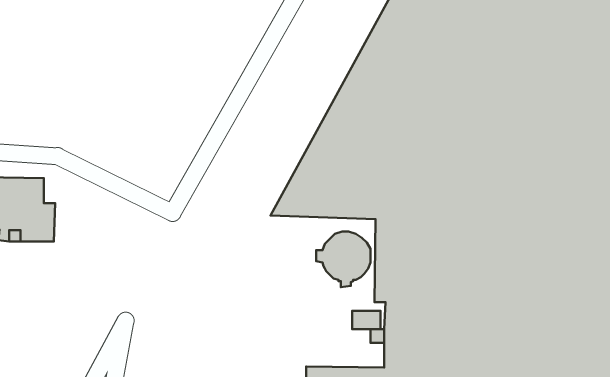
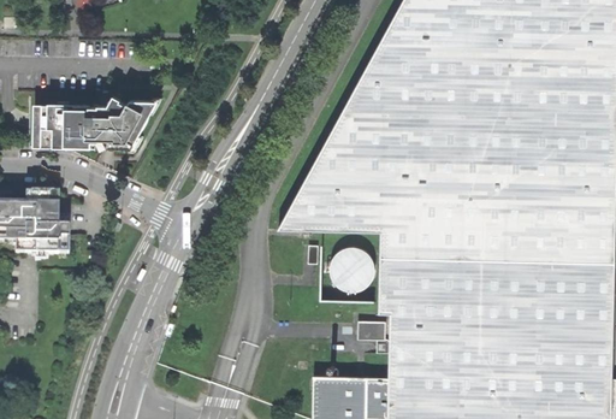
building: none -> [38,99,156,148]

